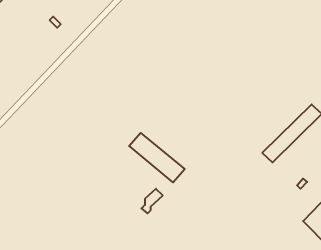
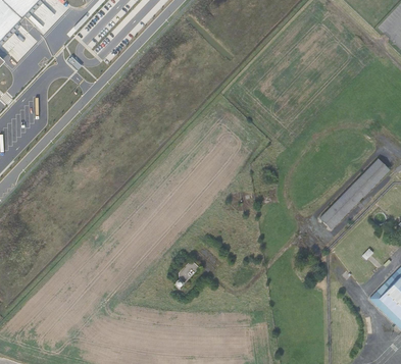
building: [129,133,185,182] -> none

